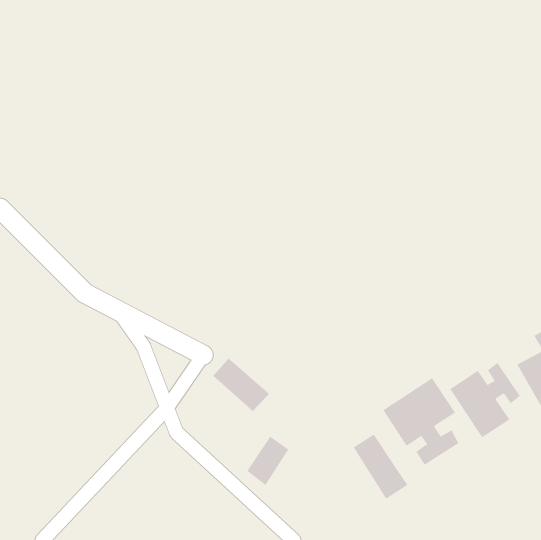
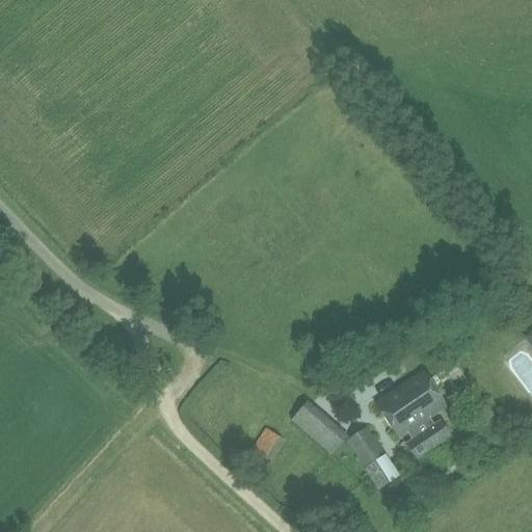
building: [213,358,270,412] -> [293,400,349,453]
building: [450,362,520,438] -> none

